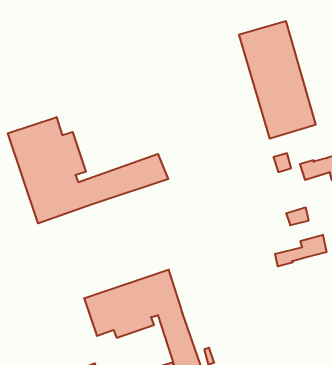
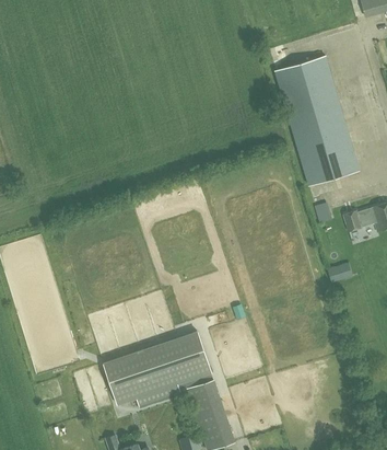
building: [8,117,168,223] -> none
building: [275,235,326,266] -> none

